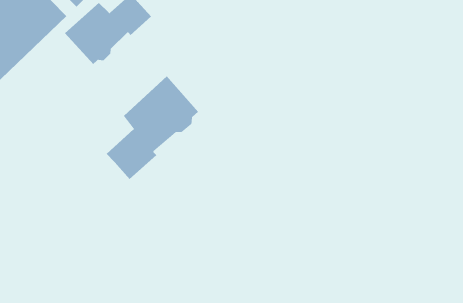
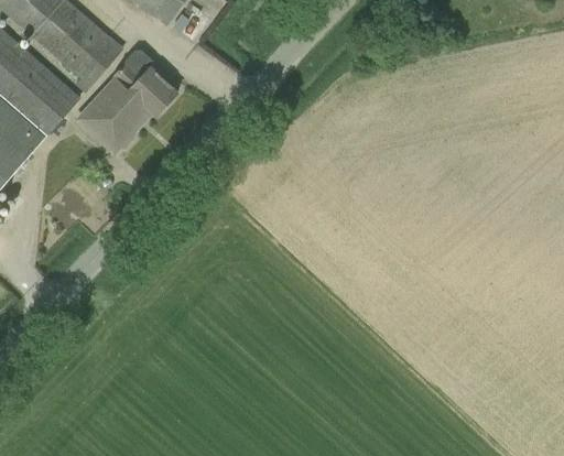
building: [106,76,199,180] -> none

